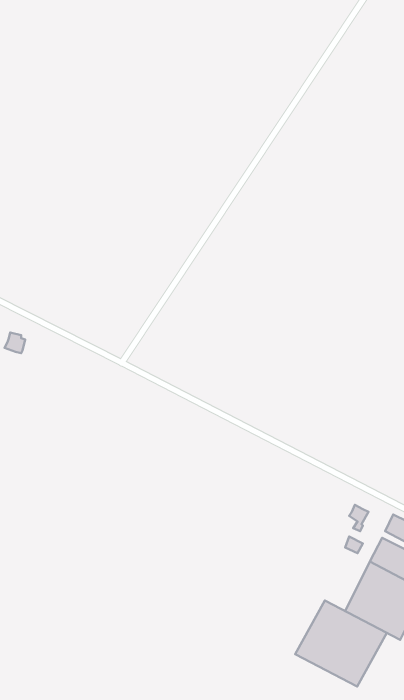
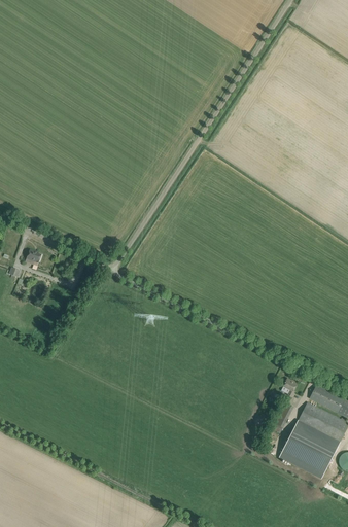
building: [295,600,387,687] -> none

